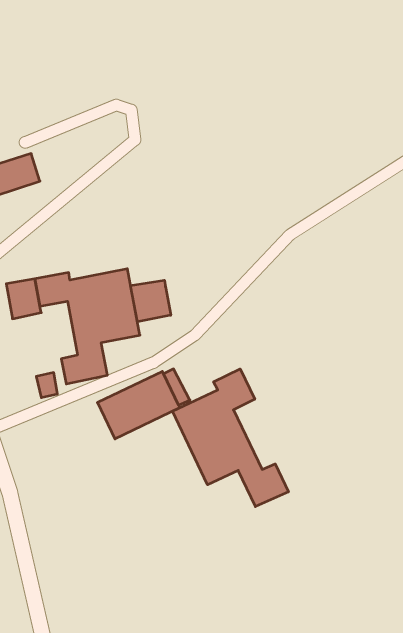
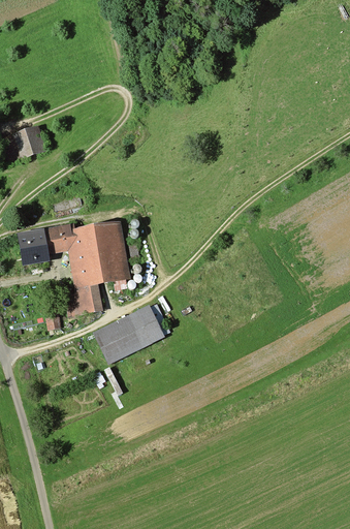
building: [131,280,171,322] -> none
building: [172,369,288,507] -> none

